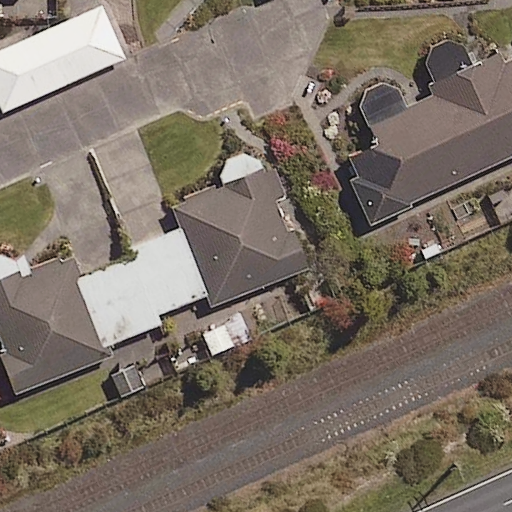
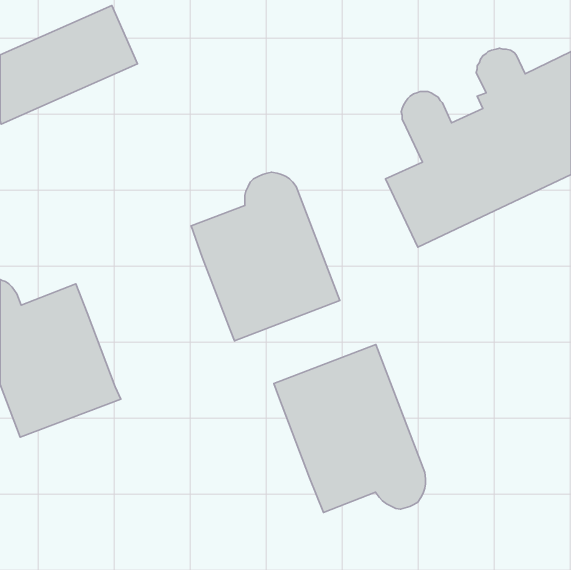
building: [78,231,206,347] -> none
building: none -> [274,344,426,513]

